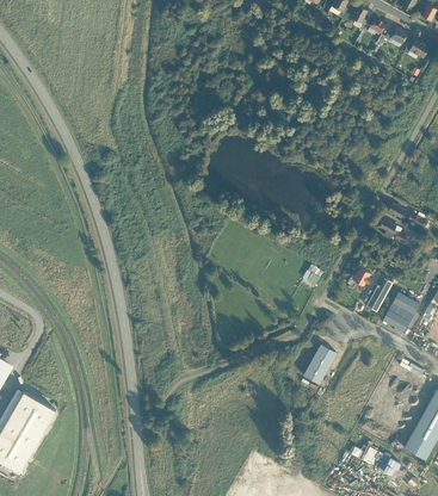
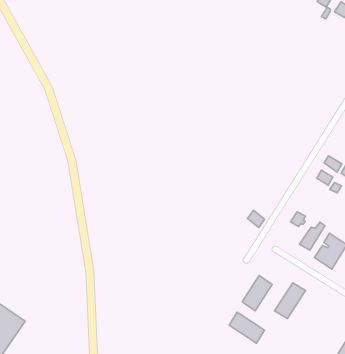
building: none -> [275,283,306,318]
building: none -> [229,312,265,343]

